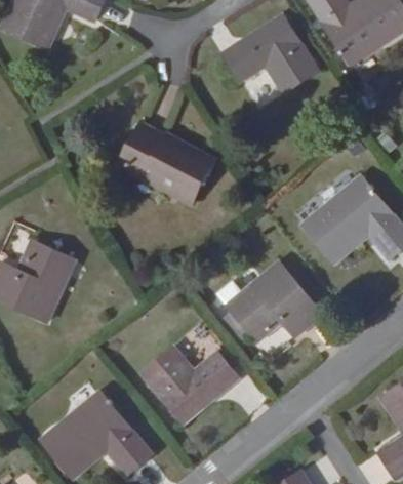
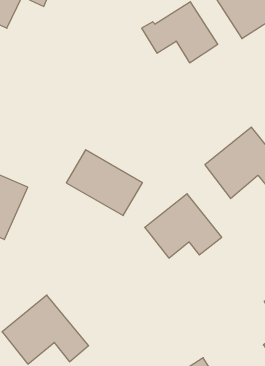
building: [114,118,211,202] -> [66,150,142,216]
building: [140,346,240,422] -> none

